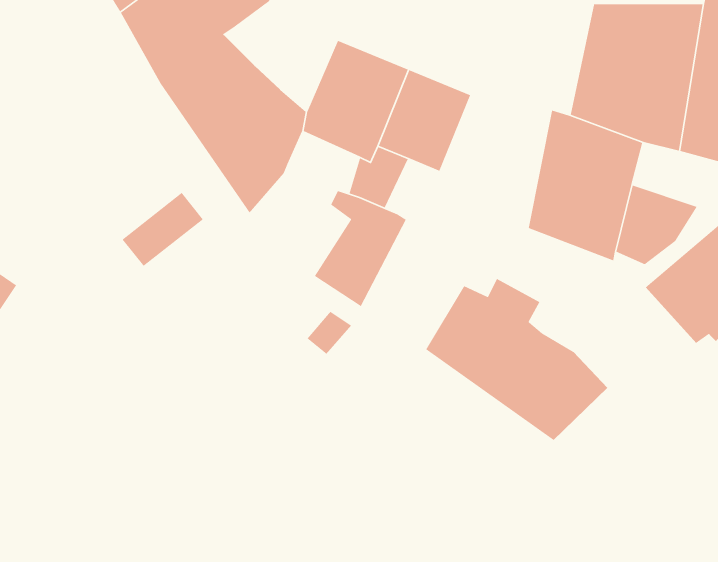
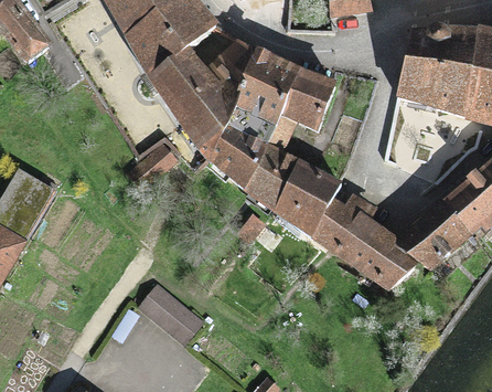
building: none -> [206,39,256,93]
building: none -> [203,125,264,192]
building: none -> [270,158,342,236]
building: none -> [398,199,472,272]
building: none -> [139,286,208,350]

